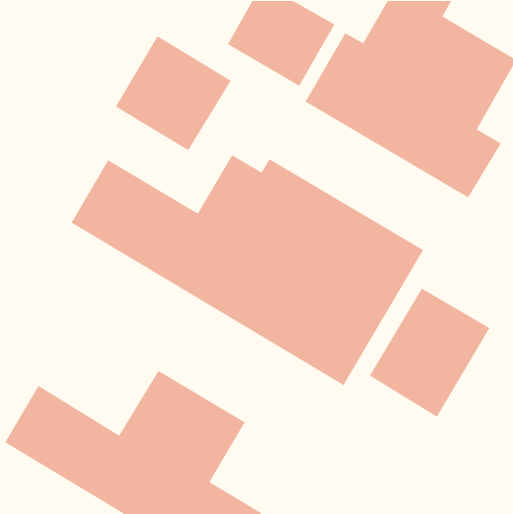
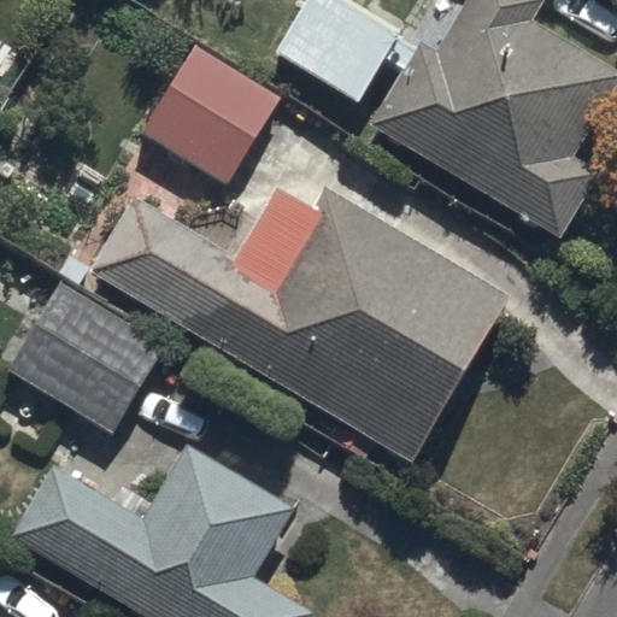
building: none -> [7,280,166,433]
building: [369,287,491,418] -> none

